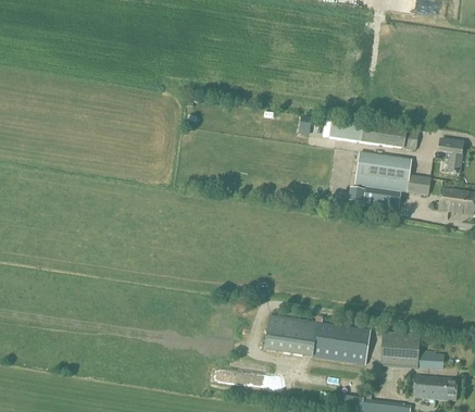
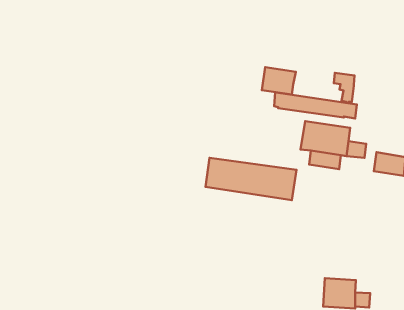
building: none -> [262,67,296,95]
building: [439,138,463,173] -> [334,73,355,103]
building: [265,314,371,363] -> [206,158,297,200]

